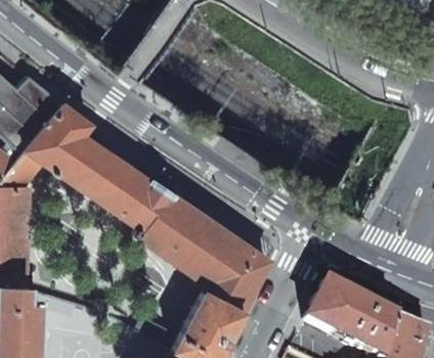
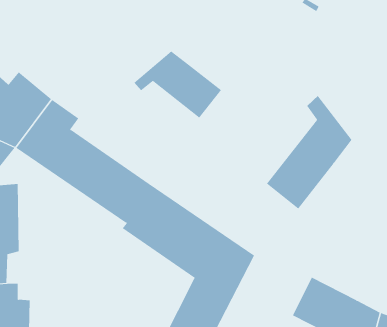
building: none -> [134,51,222,118]
building: none -> [266,95,352,209]

